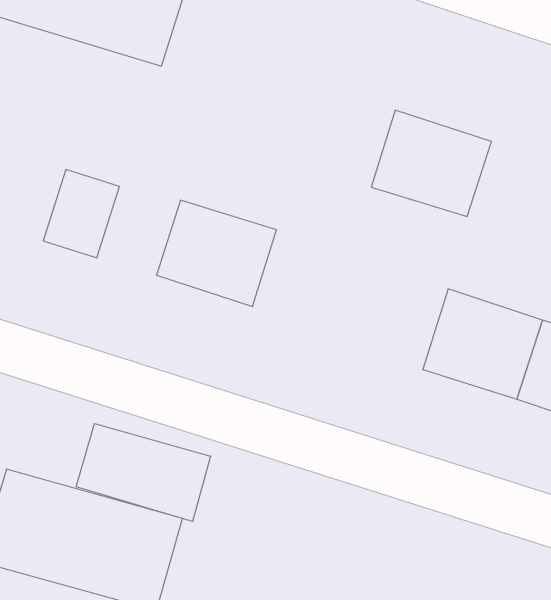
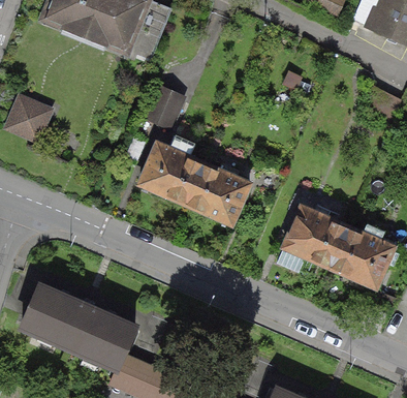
building: [371,110,491,217] -> [187,161,256,224]
building: [43,170,120,258] -> [138,84,184,134]
building: [76,424,211,522] -> none

